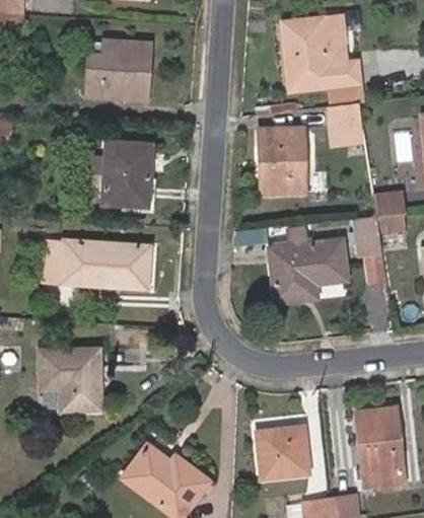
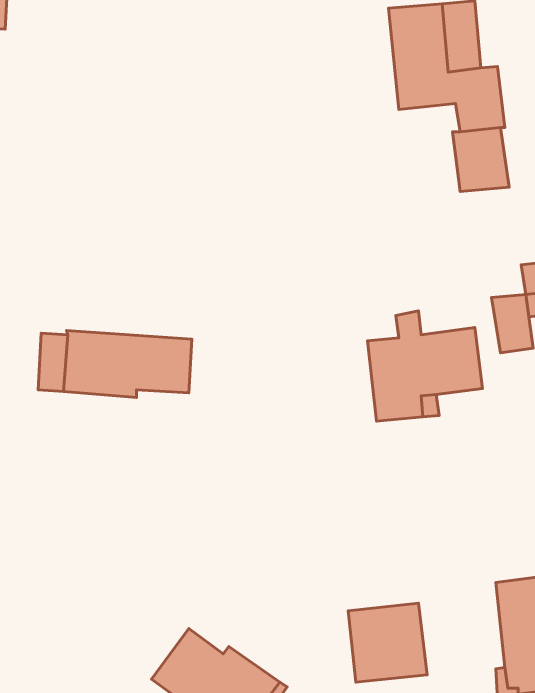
building: [86,41,150,99] -> none
building: [260,128,304,193] -> none
building: [101,140,152,207] -> none
building: [39,348,100,411] -> none

